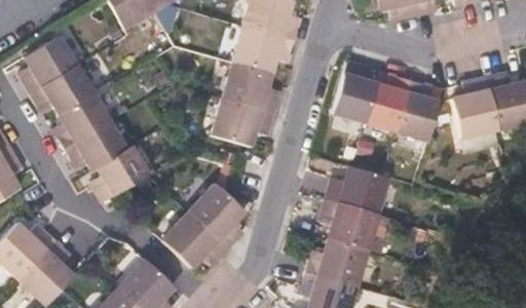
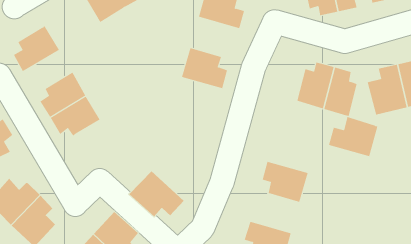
building: [235,22,296,70] -> none
building: [33,62,93,109] -> none
building: [332,65,375,123] -> none
building: [215,94,275,142] -> none
building: [92,142,149,197] -> none
building: [329,161,389,210] -> [328,116,378,157]
building: [189,180,243,244] -> none
building: [308,235,369,283] -> none

